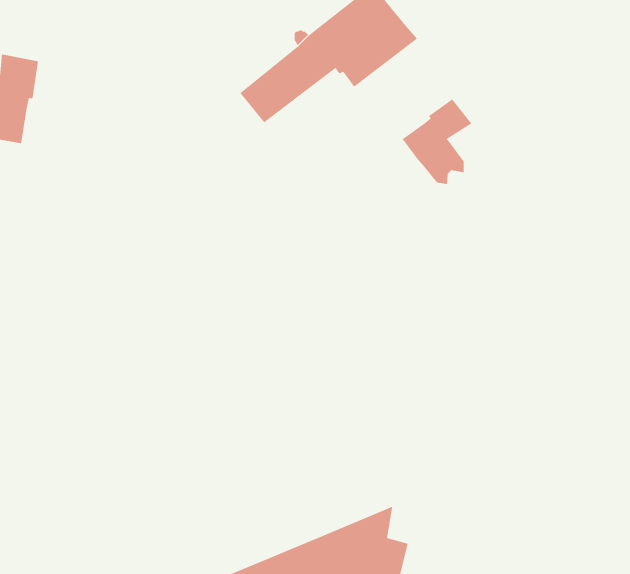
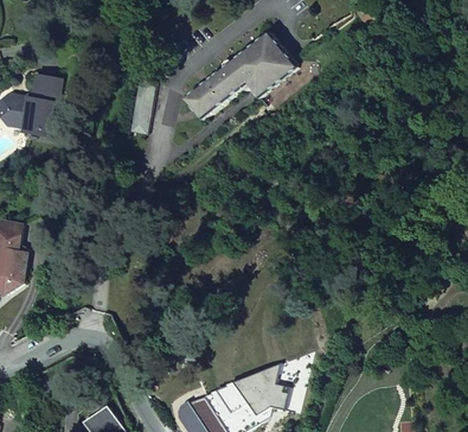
building: none -> [128,80,155,134]
building: [402,99,472,185] -> none

